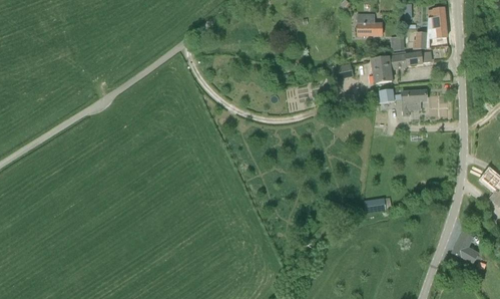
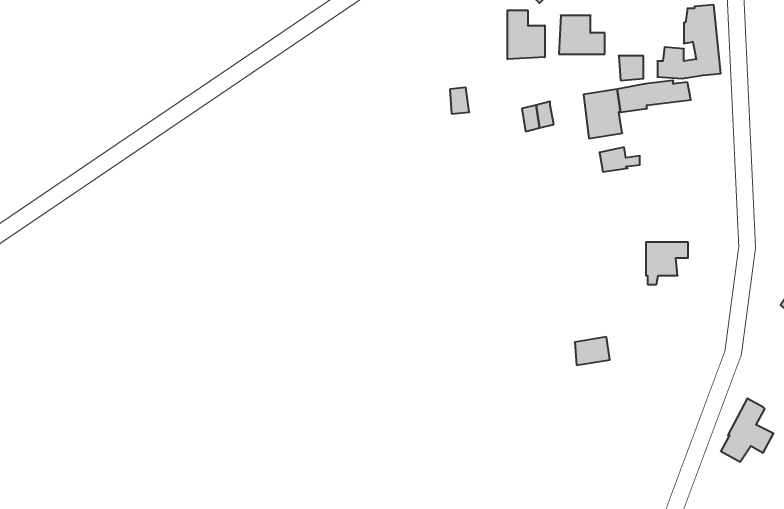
building: none -> [507,10,545,59]
building: [402,90,426,114] -> [646,242,688,284]

